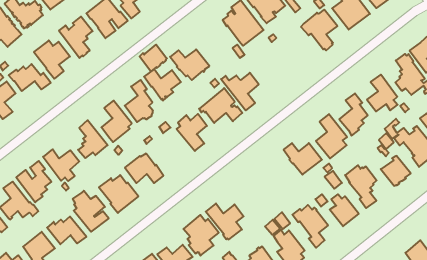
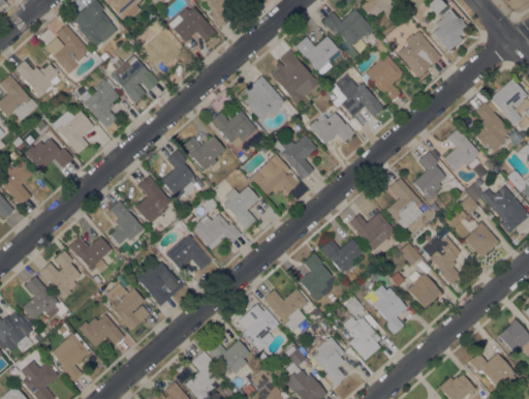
building: none -> [239,74,284,119]
building: none -> [339,79,383,117]
building: [140,45,167,71] -> none
building: none -> [308,112,354,144]
building: none -> [192,213,241,249]
building: none -> [320,238,363,272]
building: none -> [299,252,335,301]

